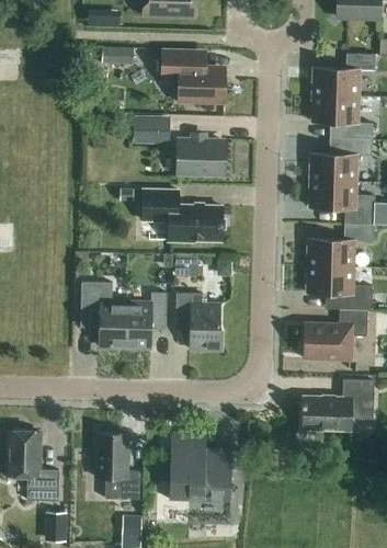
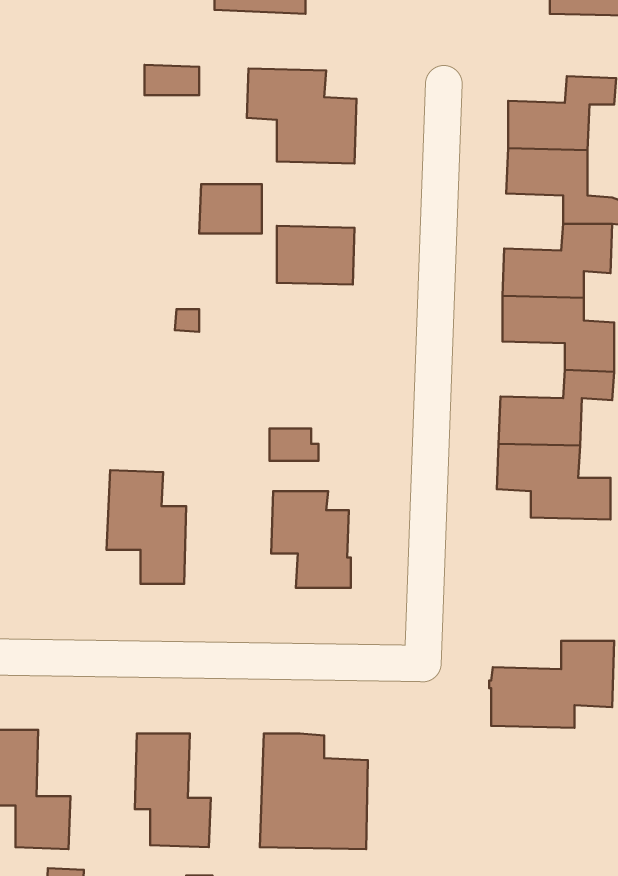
building: [143,190,223,242] -> none
building: [125,293,167,349] -> none
building: [304,310,367,361] -> none

